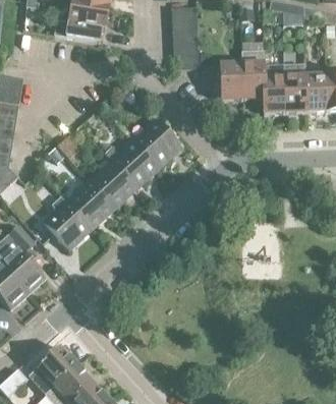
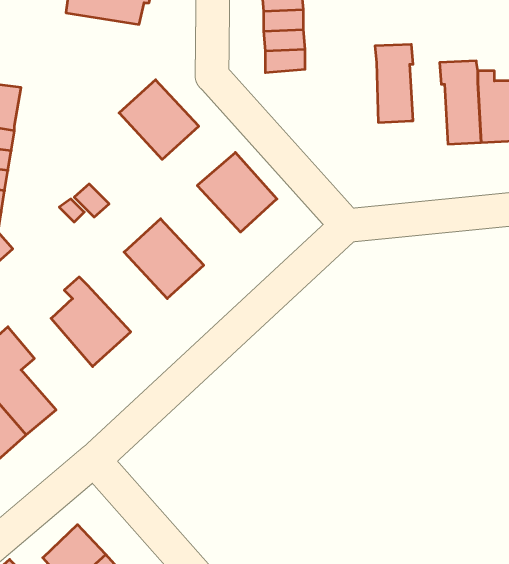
building: [221,57,243,101] -> none
building: [263,63,286,114] -> none
building: [110,138,159,187] -> [119,80,199,159]
building: [65,179,114,228] -> none

